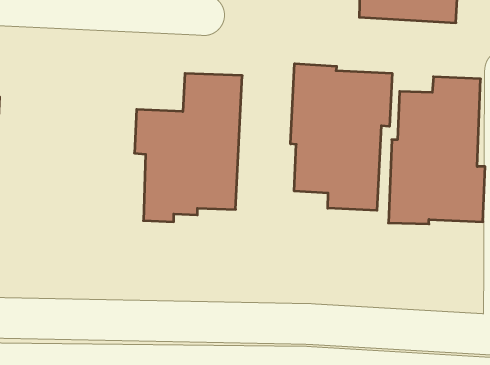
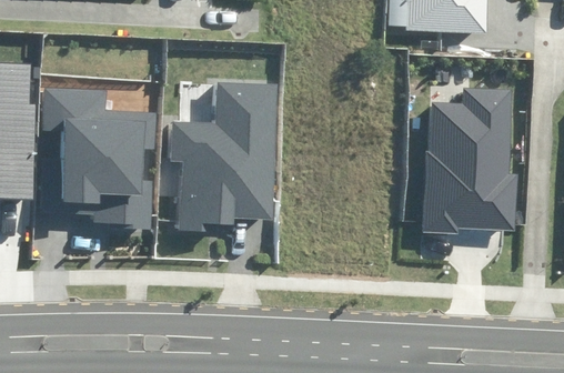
building: [291,64,392,210] -> none
building: none -> [42,87,151,228]

